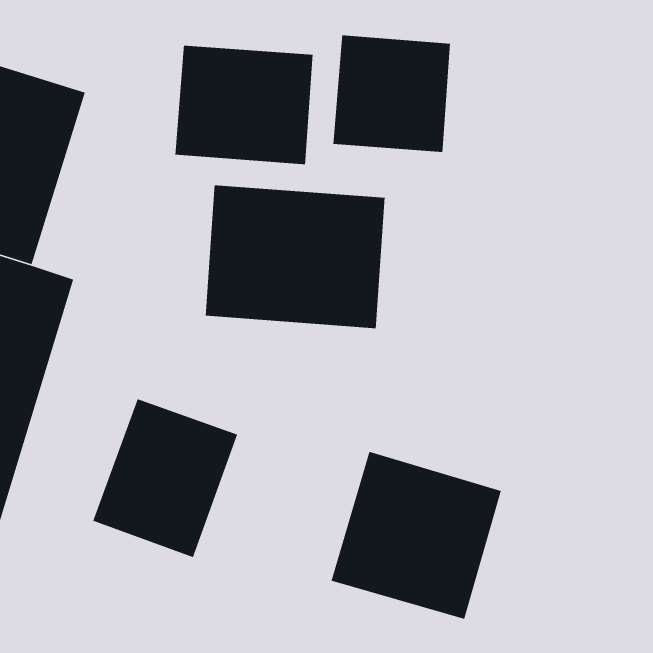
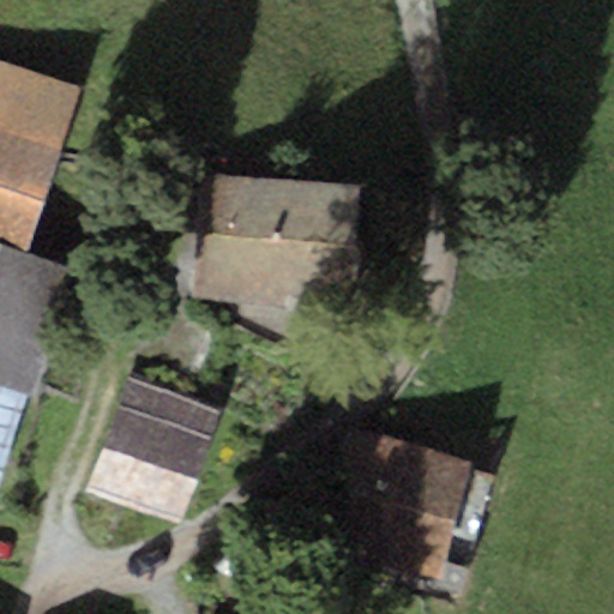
building: [332,34,451,153] -> none
building: [174,45,314,165] -> none

